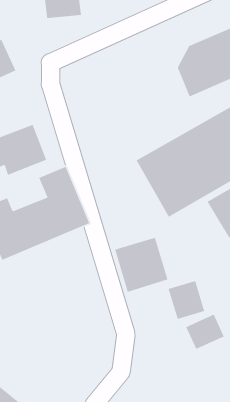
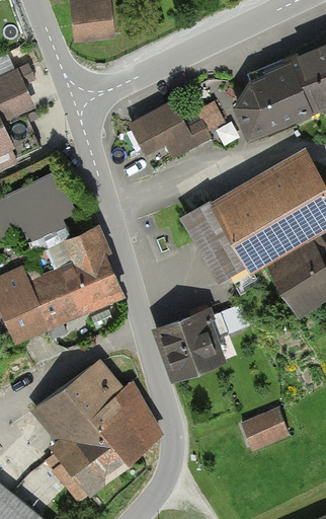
building: none -> [130,98,230,167]
building: none -> [31,356,162,502]
building: [168,280,205,320] -> none

